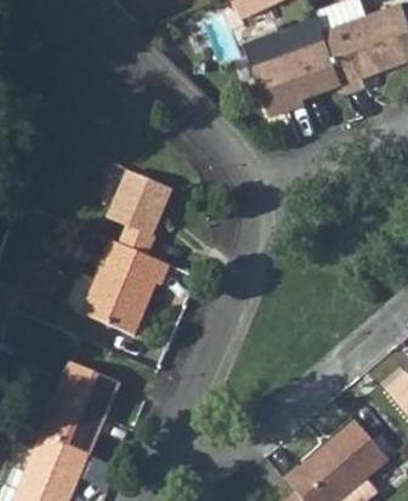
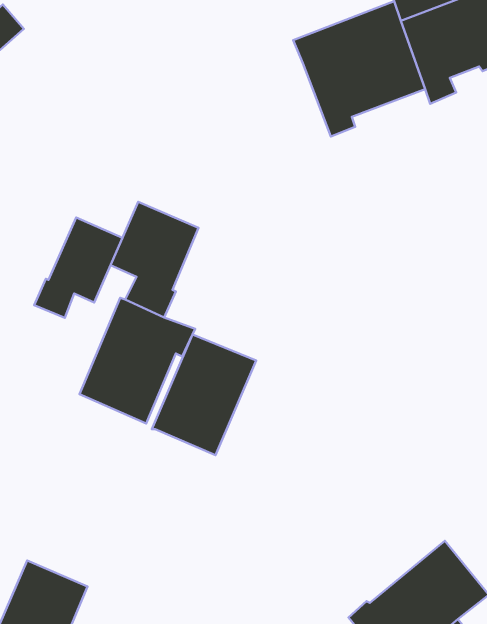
building: none -> [34,218,122,318]
building: [41,365,119,455] -> [152,334,256,455]

